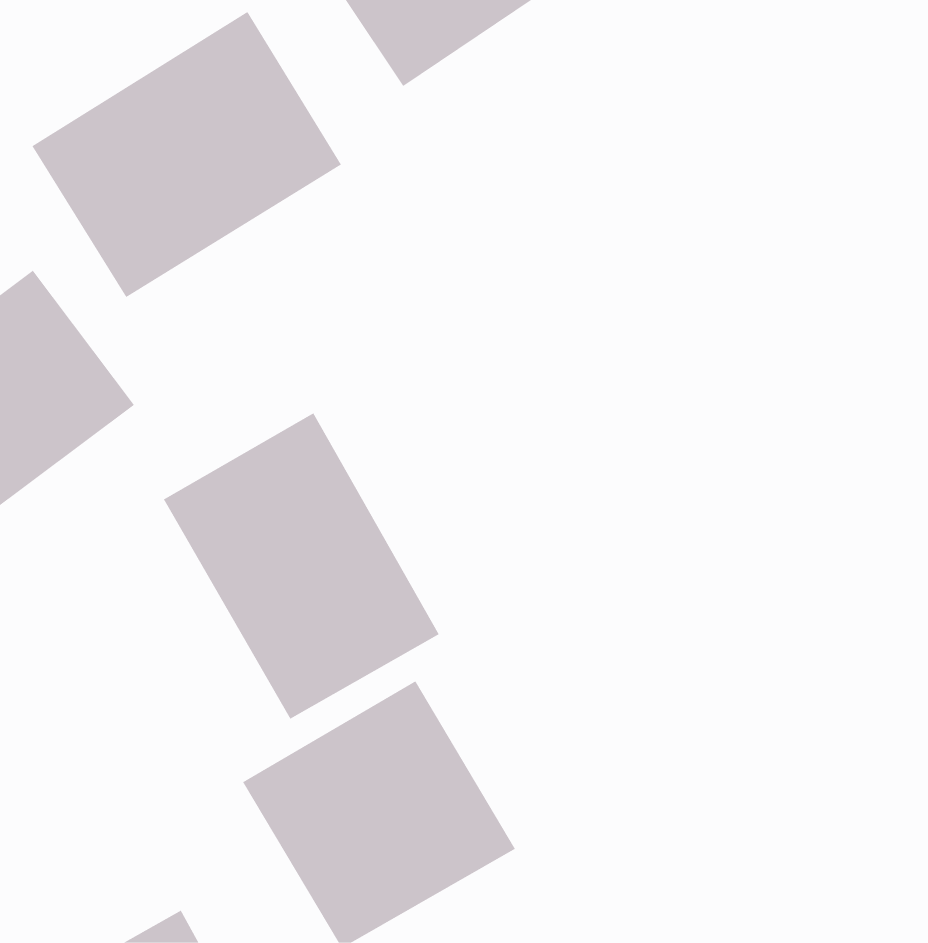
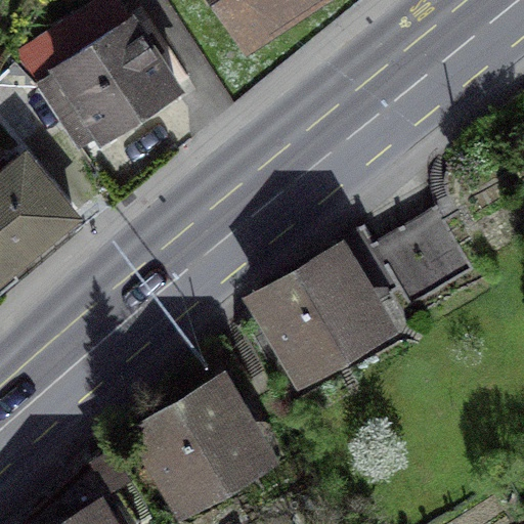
building: none -> [256,207,467,362]
building: [163,412,440,720] -> none

